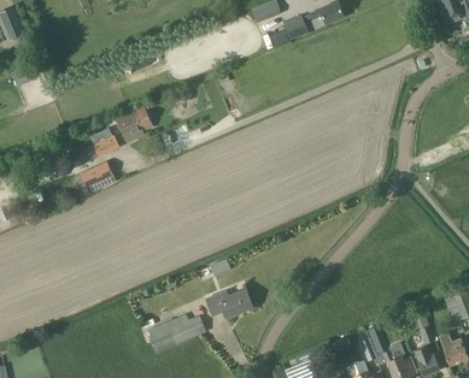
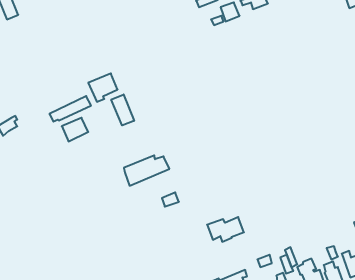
building: none -> [111,94,134,125]
building: [205,288,252,319] -> [207,217,244,242]
building: [147,314,205,353] -> [124,155,169,186]

